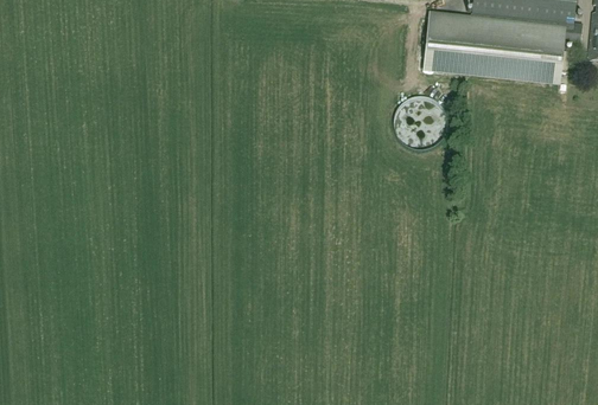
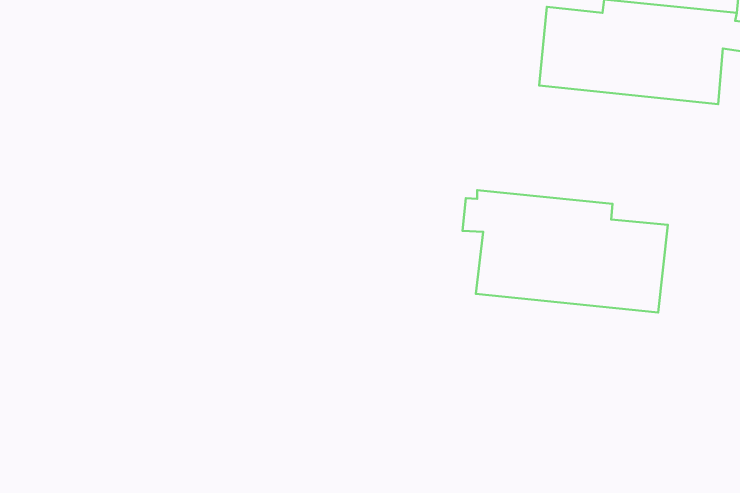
building: none -> [463,190,668,313]

